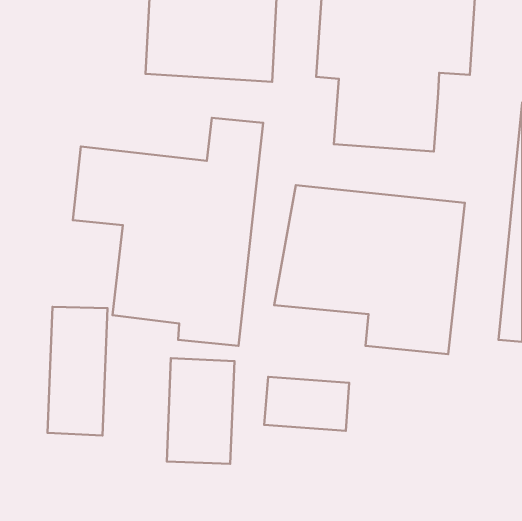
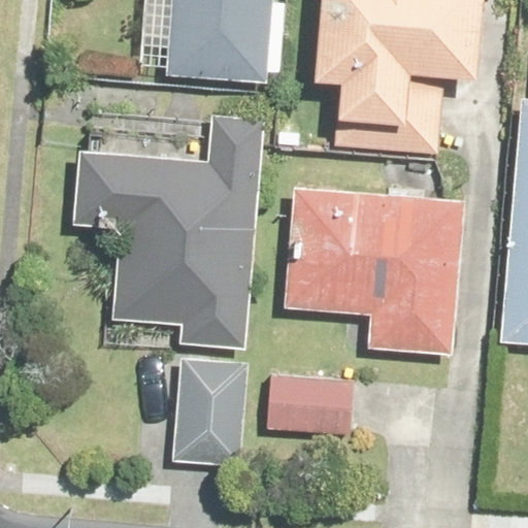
building: [48,307,108,436] -> none

